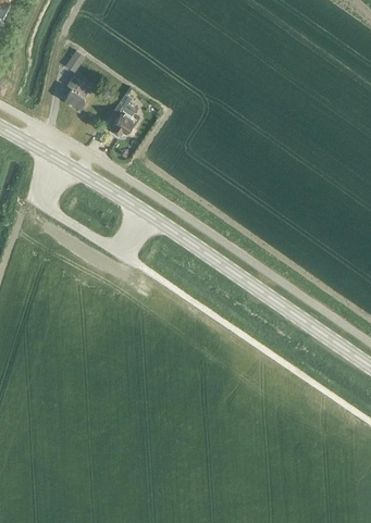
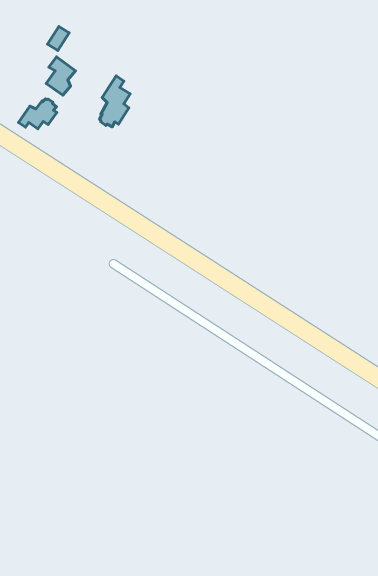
building: none -> [19,99,57,129]

